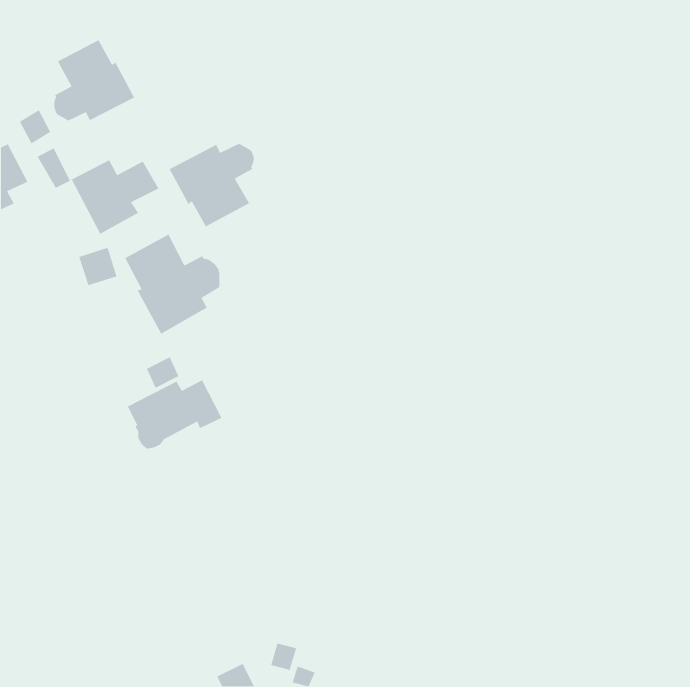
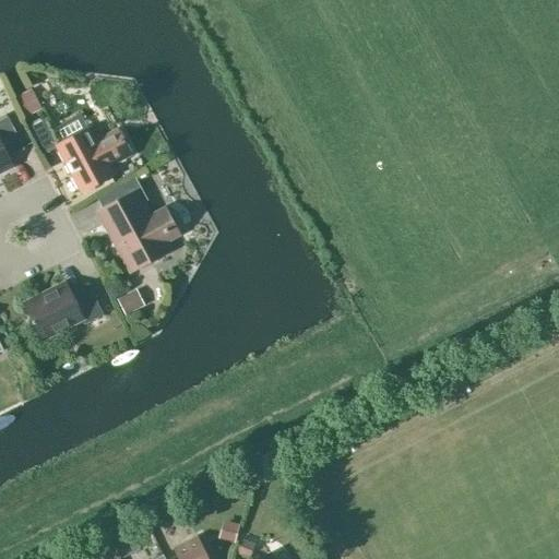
building: [53,39,135,121] -> none
building: [169,143,254,227] -> none
building: [127,379,223,449] -> [25,282,103,338]

